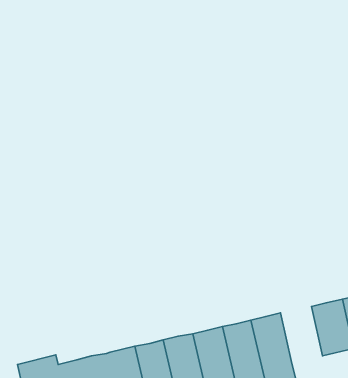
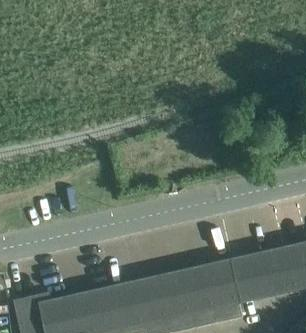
building: none -> [229,255,263,301]

